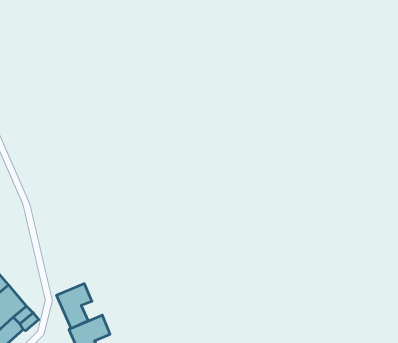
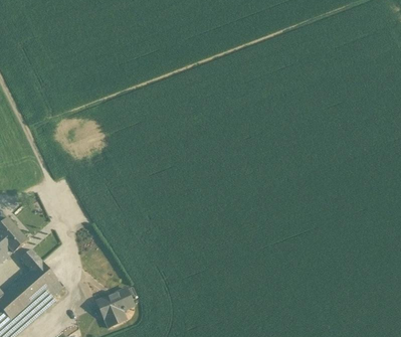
building: [57,284,92,329] -> none

